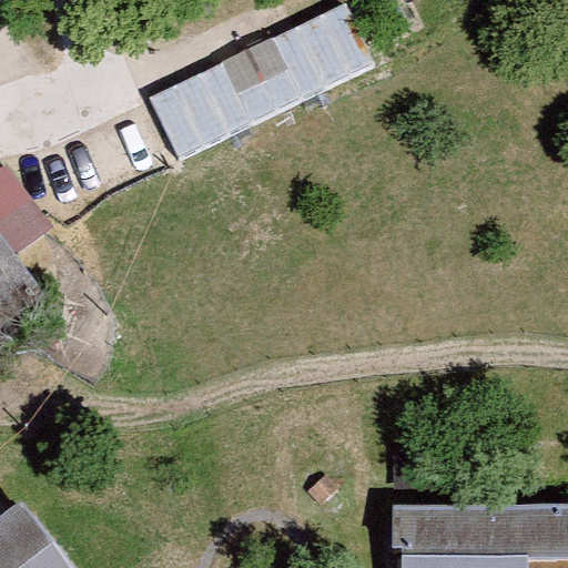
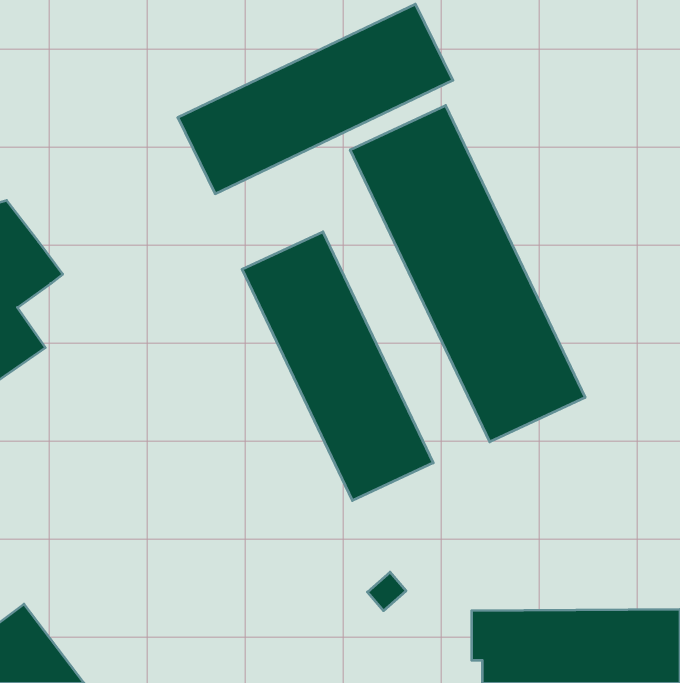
building: none -> [350,105,585,442]
building: none -> [242,232,433,501]

